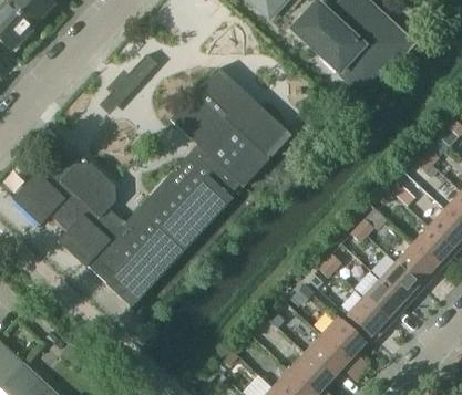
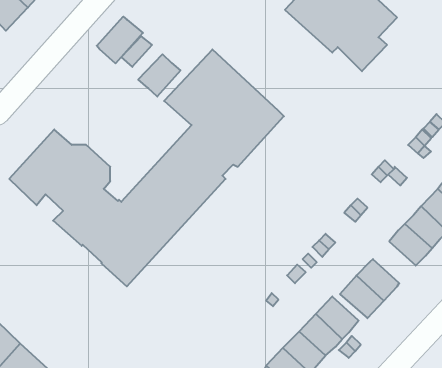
building: none -> [97,17,143,63]
building: none -> [138,54,180,97]
building: [380,261,423,303] -> none

